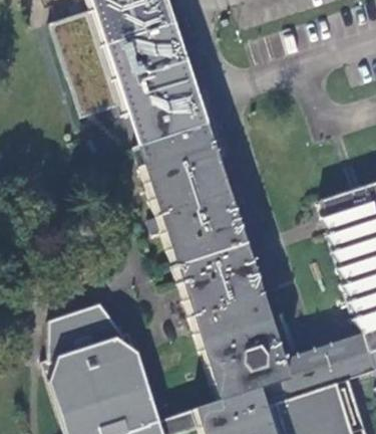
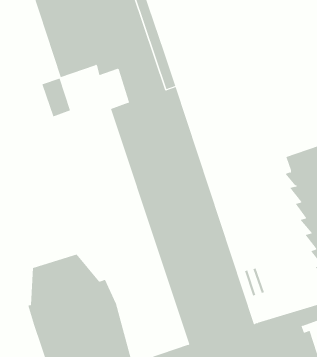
building: [127,110,158,152] -> [41,78,71,117]

